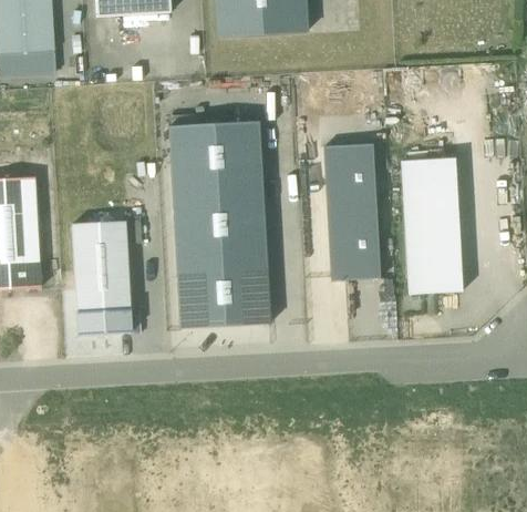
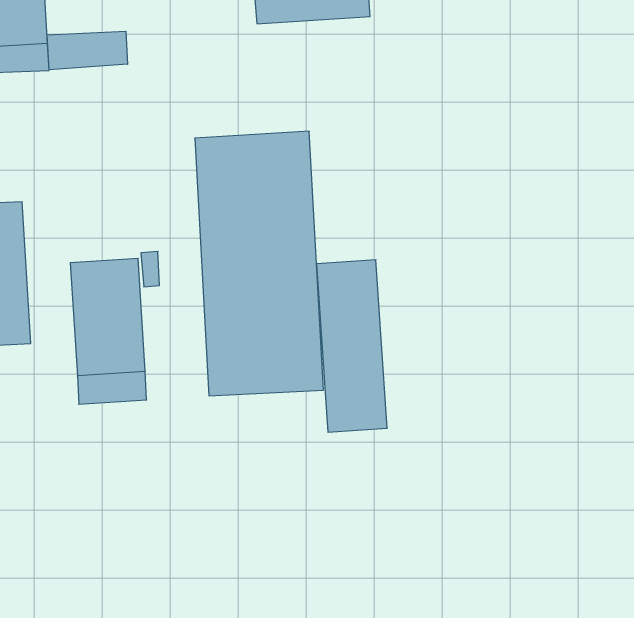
building: none -> [47,31,128,70]
building: [324,144,380,279] -> [317,260,387,432]
building: [401,157,462,294] -> none

